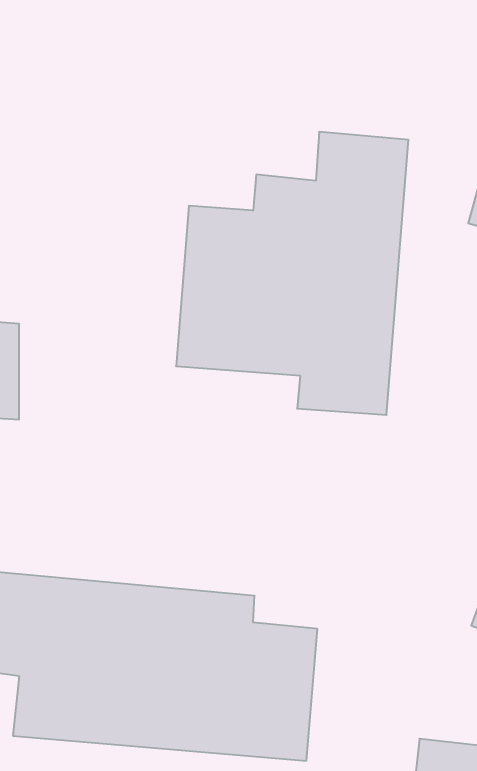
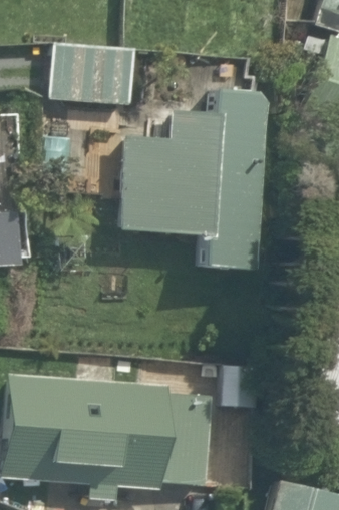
building: none -> [50,38,152,111]

